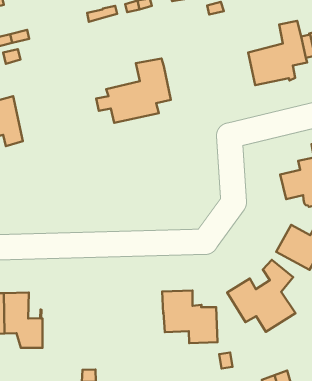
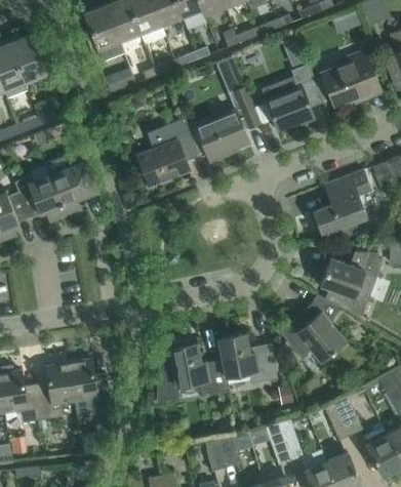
building: none -> [195,86,260,163]
building: none -> [49,152,97,216]
building: none -> [157,339,229,402]

